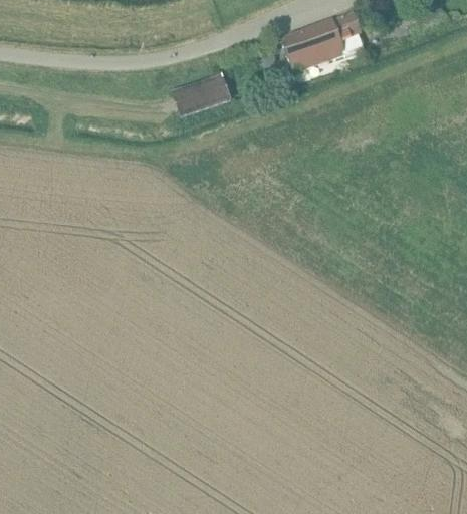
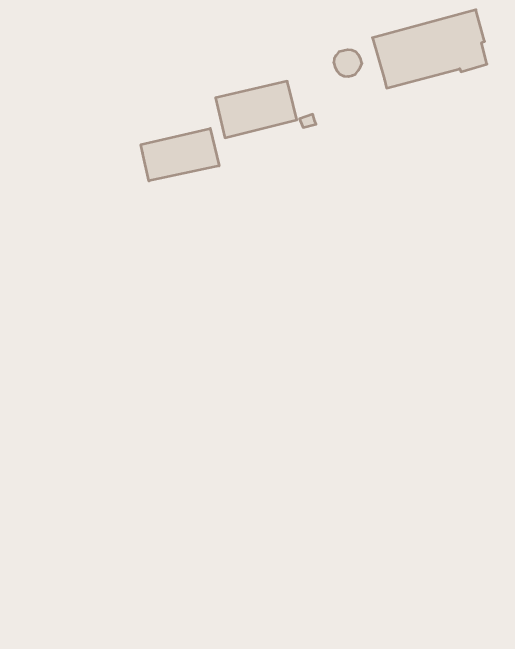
building: none -> [141,128,219,181]

